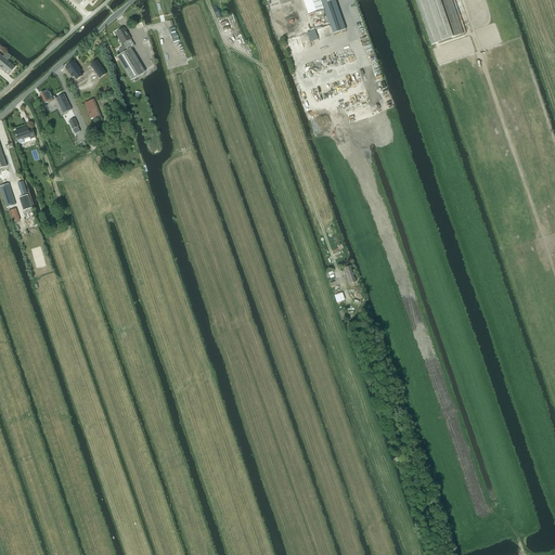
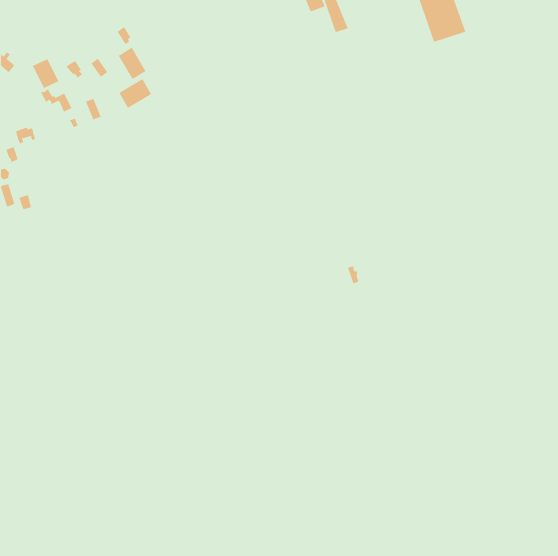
building: none -> [32,58,59,89]
building: none -> [118,78,152,109]

